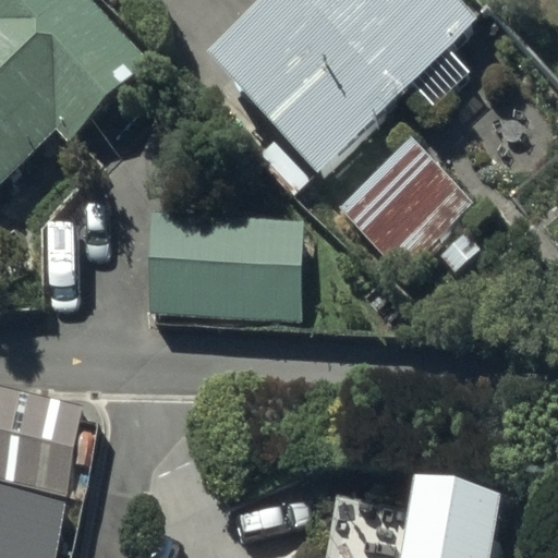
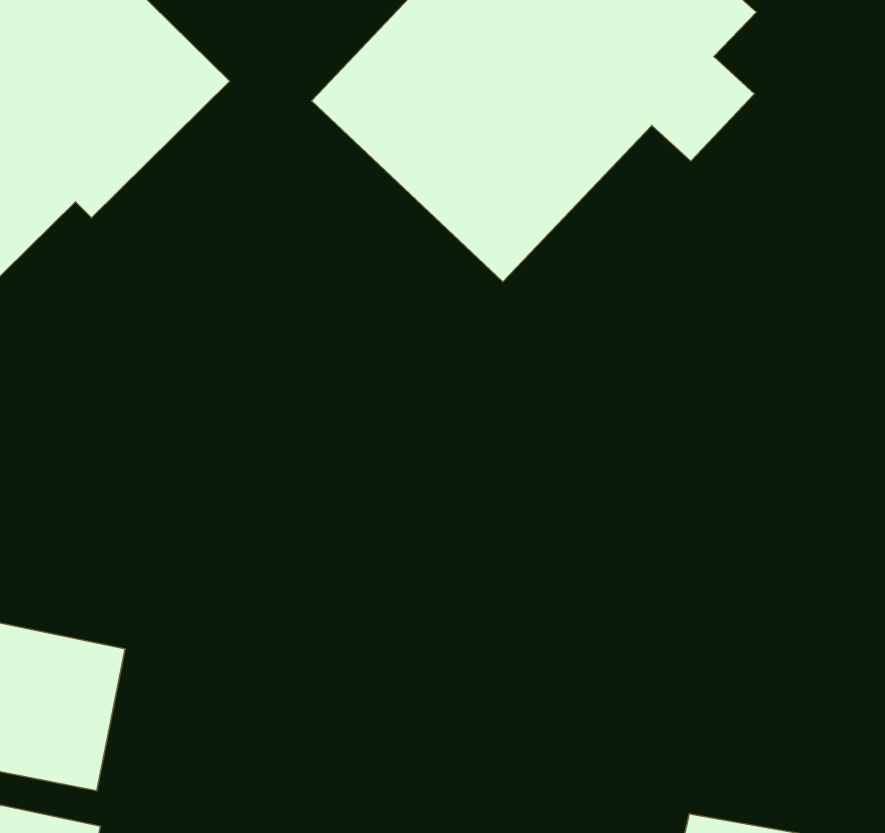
building: [339,138,458,260] -> none
building: [145,209,302,311] -> none

